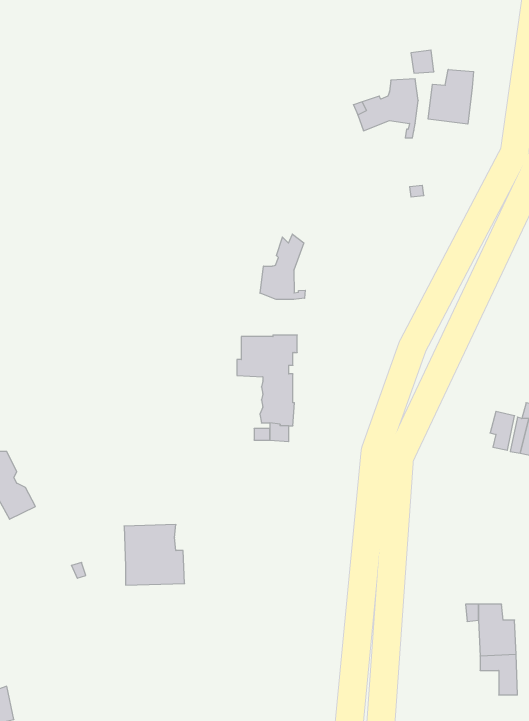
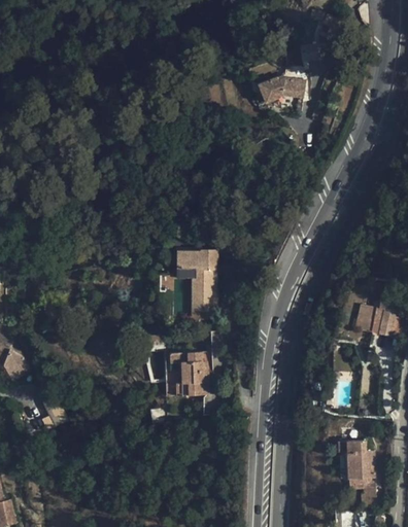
building: [428,69,474,124] -> none
building: [260,234,305,299] -> none
building: [124,525,185,585] -> [164,352,207,395]

